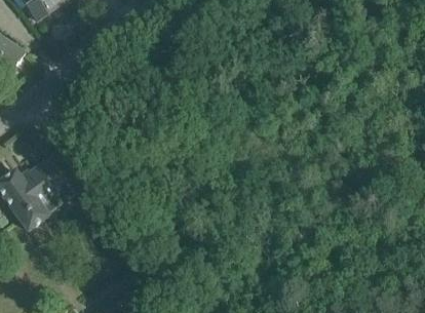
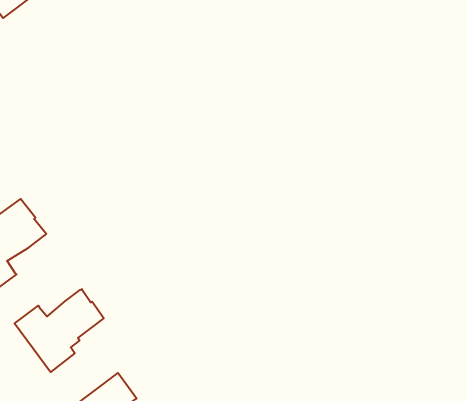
building: none -> [15,289,104,372]

